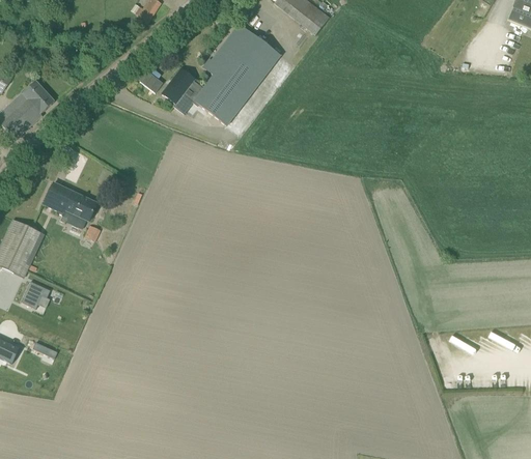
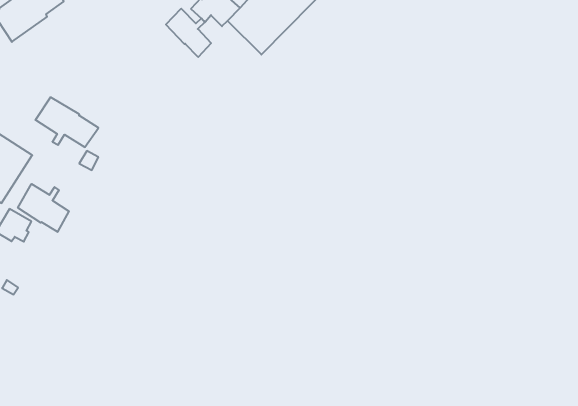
building: none -> [166,9,211,57]
building: none -> [18,184,69,232]

